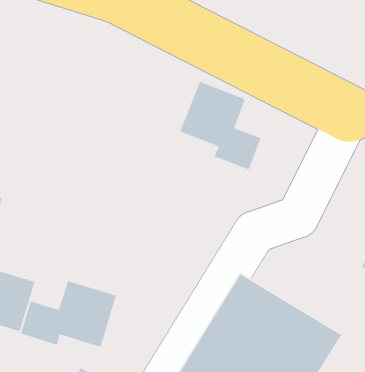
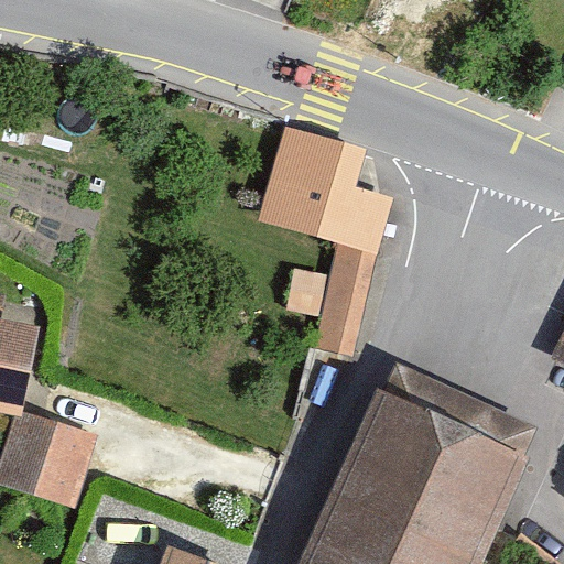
building: none -> [289,241,373,357]
building: [20,280,117,348] -> none

